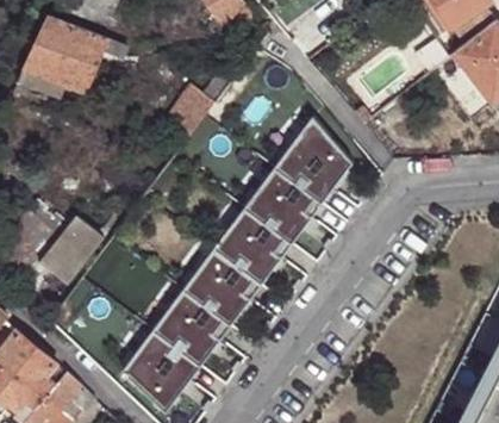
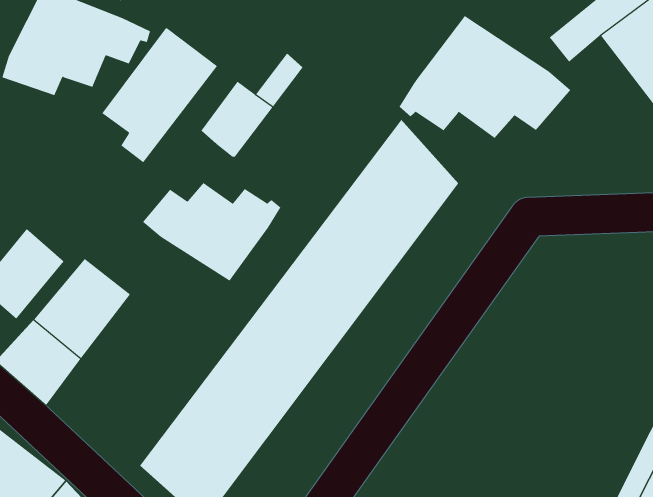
building: none -> [399,15,571,139]
building: none -> [101,28,218,163]
building: none -> [142,182,281,281]

